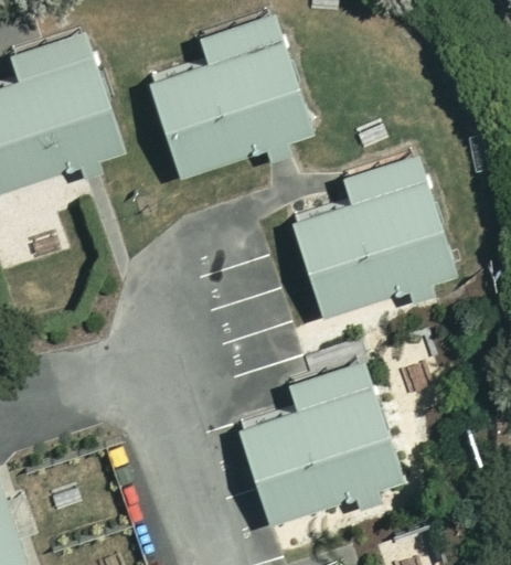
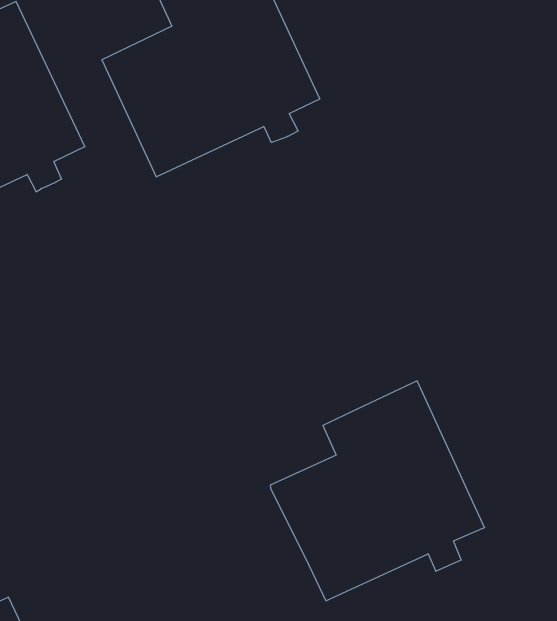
building: [290,156,457,321] -> none

